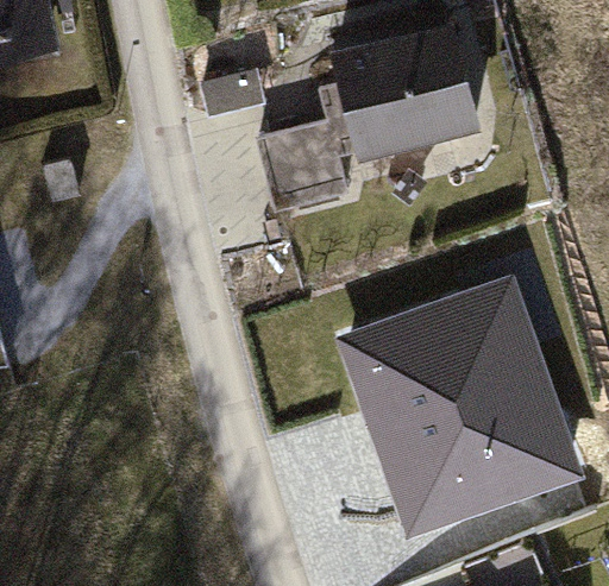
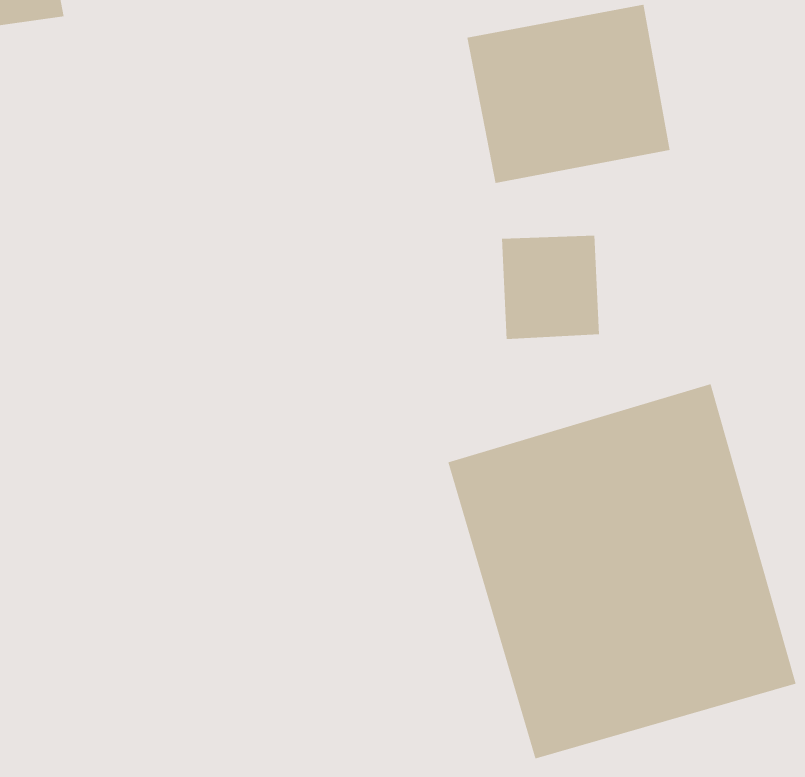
building: [280,126,351,201] -> [501,235,600,339]

